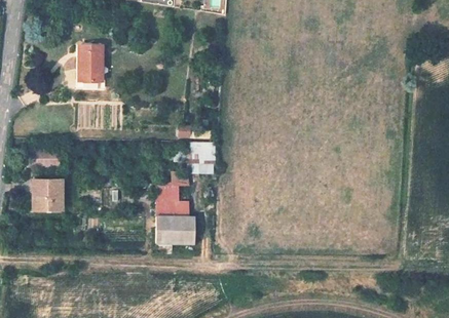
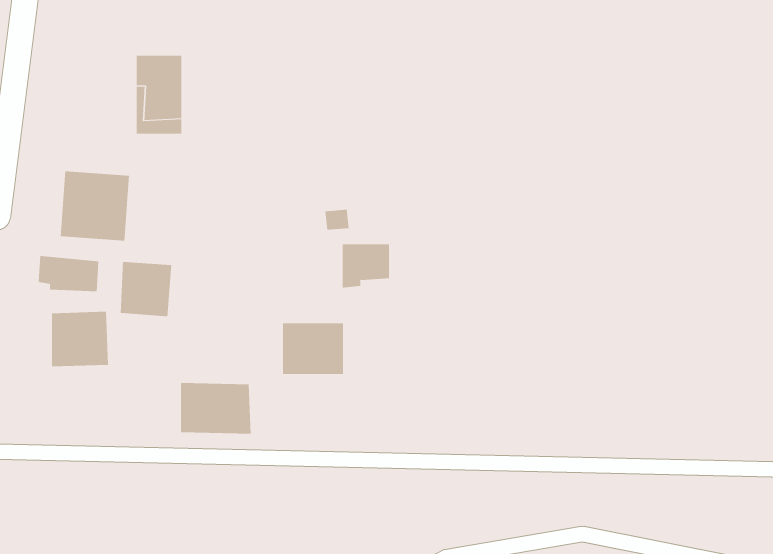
building: none -> [60,170,130,242]
building: none -> [120,261,172,317]
building: [156,216,194,244] -> [180,382,251,434]

